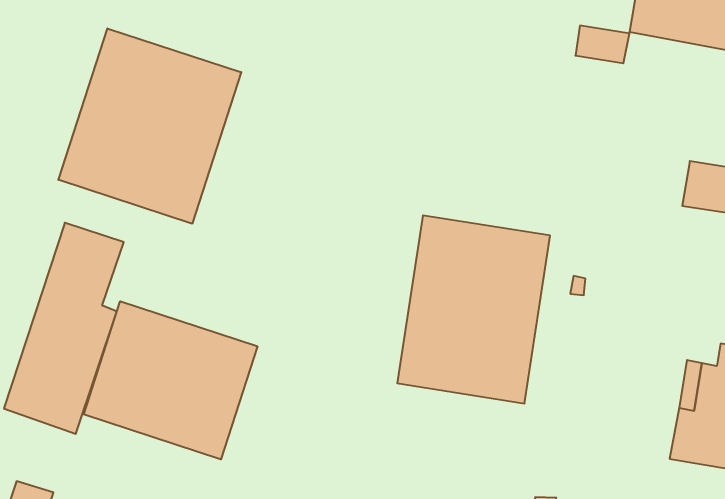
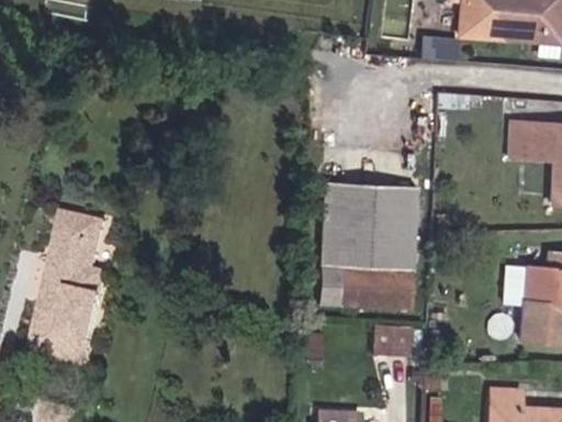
building: [58,28,241,224] -> none
building: [84,301,257,459] -> none
building: none -> [374,325,407,356]

